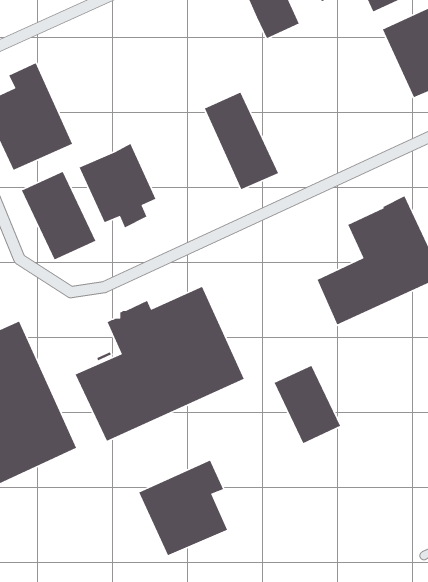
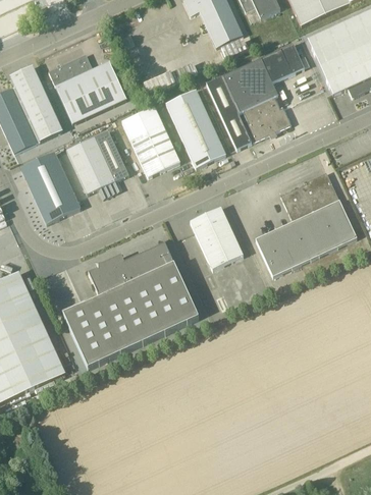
building: none -> [205,43,309,149]
building: none -> [47,53,125,123]
building: none -> [121,106,179,176]
building: [273,365,341,444] -> [189,206,243,269]
building: [138,460,228,556] -> none

